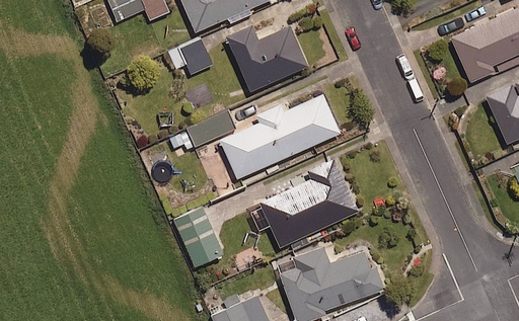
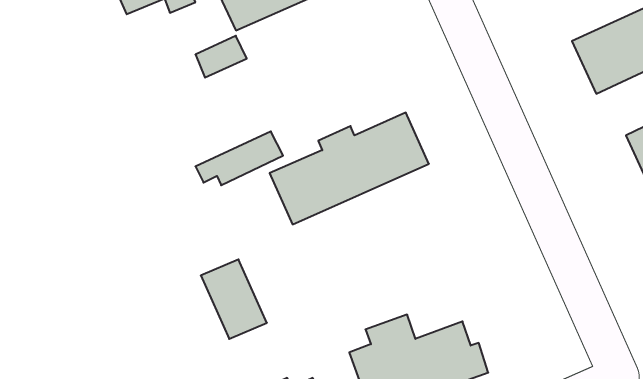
building: [228,24,309,90] -> none
building: [262,158,360,246] -> none

